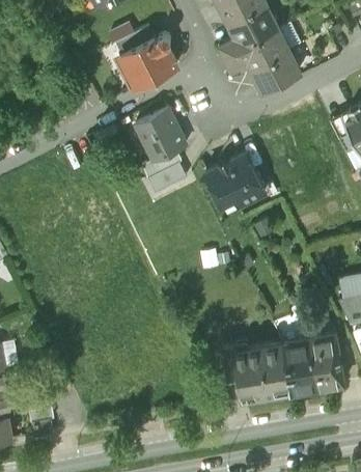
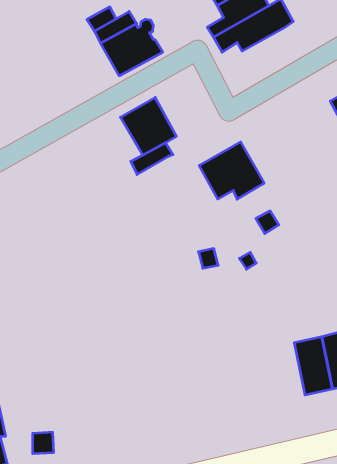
building: [251,52,297,94] -> none
building: [147,164,187,194] -> none
building: [224,343,291,400] -> none

